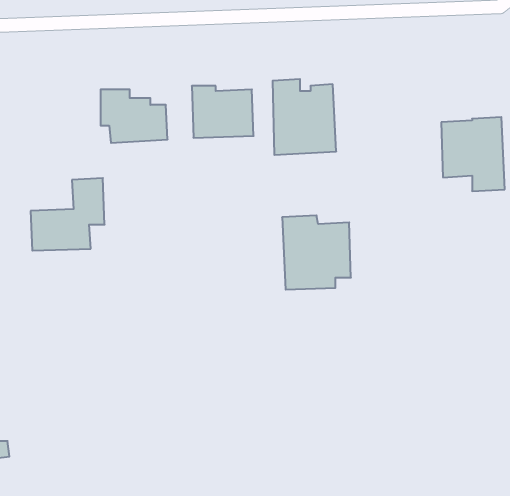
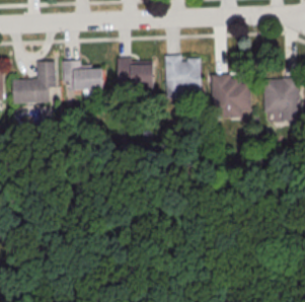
building: [31,178,105,251] -> [12,62,56,104]
building: [282,215,351,290] -> [210,75,250,119]

